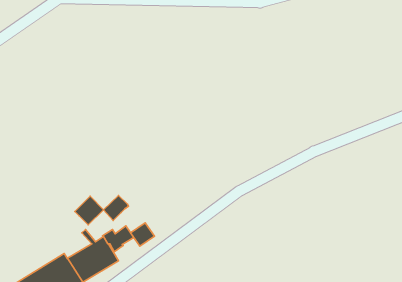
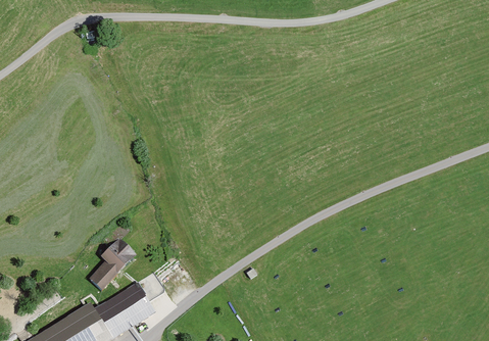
building: [103,195,128,220] -> [89,260,117,289]
building: [131,223,154,246] -> none

